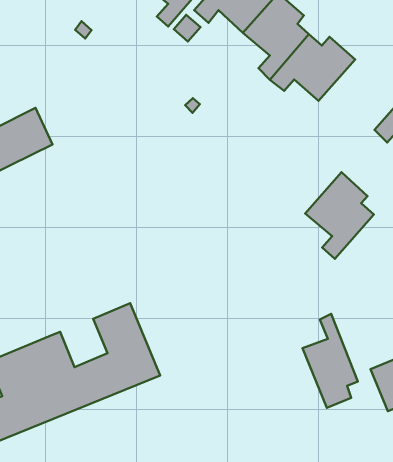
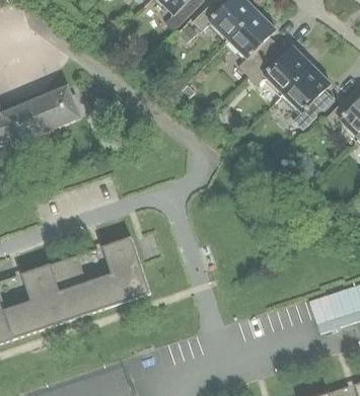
building: [305,172,374,259] -> [282,64,334,129]
building: [302,314,358,408] -> none

